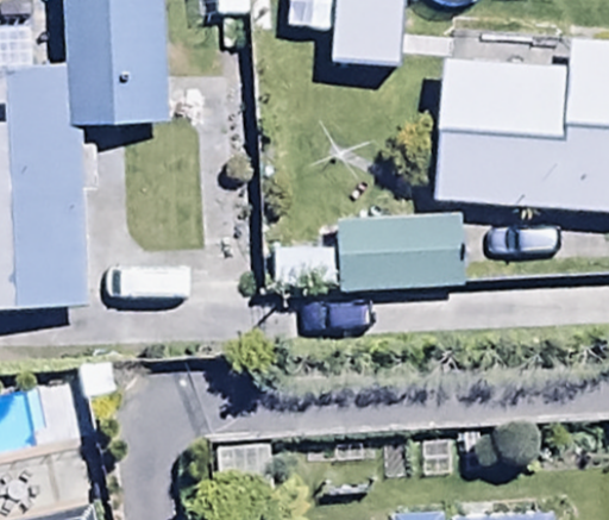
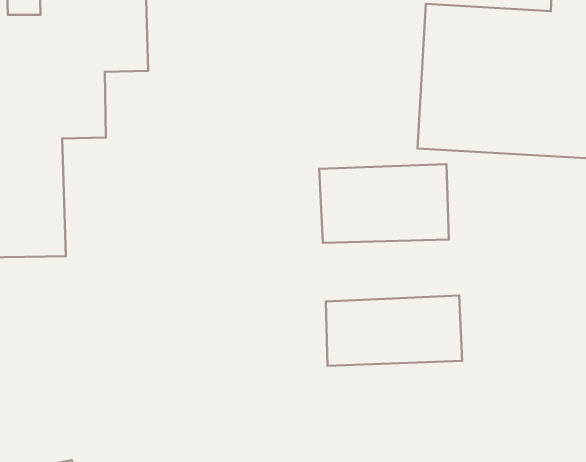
building: none -> [326,295,462,366]

